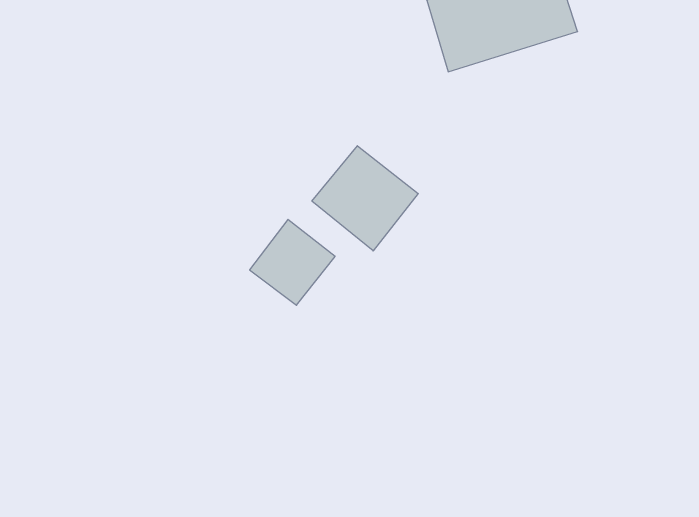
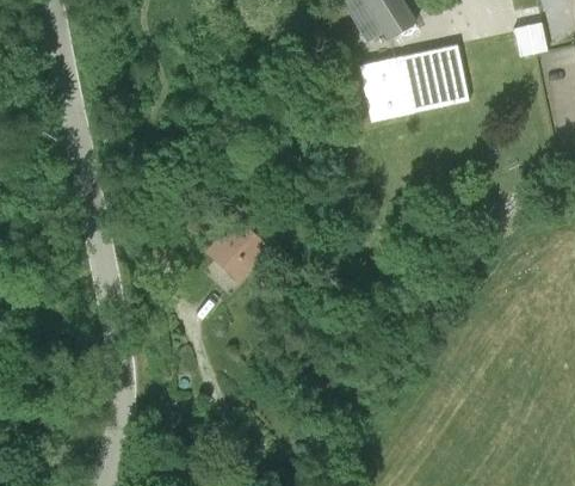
building: [312,146,418,251] -> none

